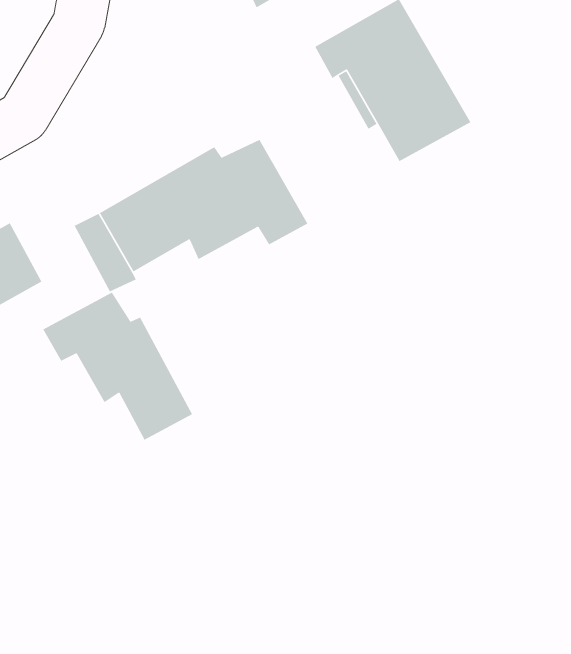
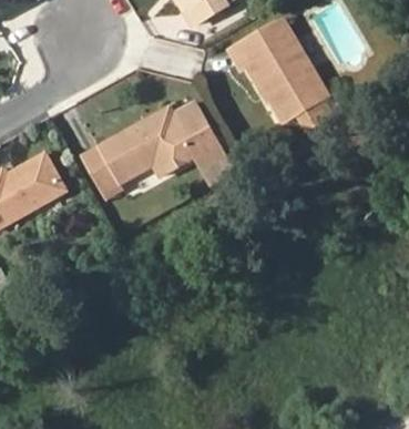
building: [42,291,193,441] -> none

